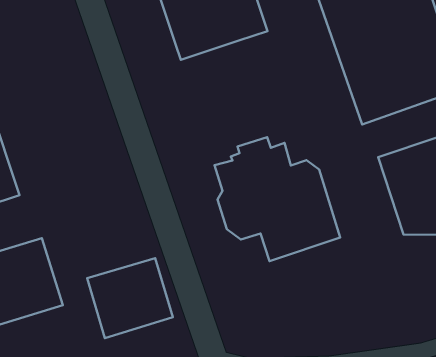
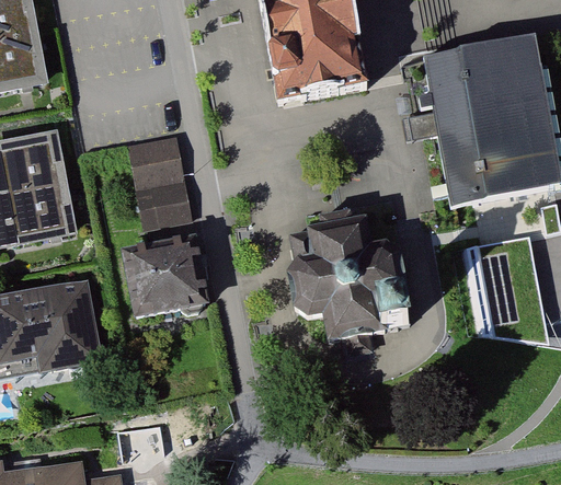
building: none -> [128,134,192,227]
building: [87,258,173,338] -> [117,240,203,317]

